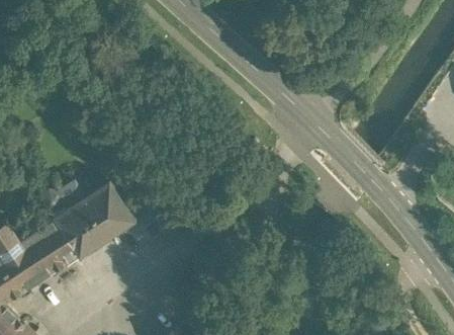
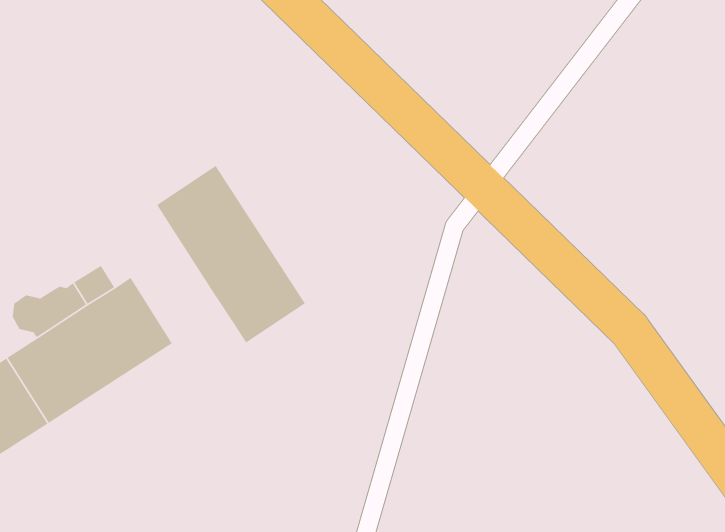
building: none -> [156,165,306,344]

